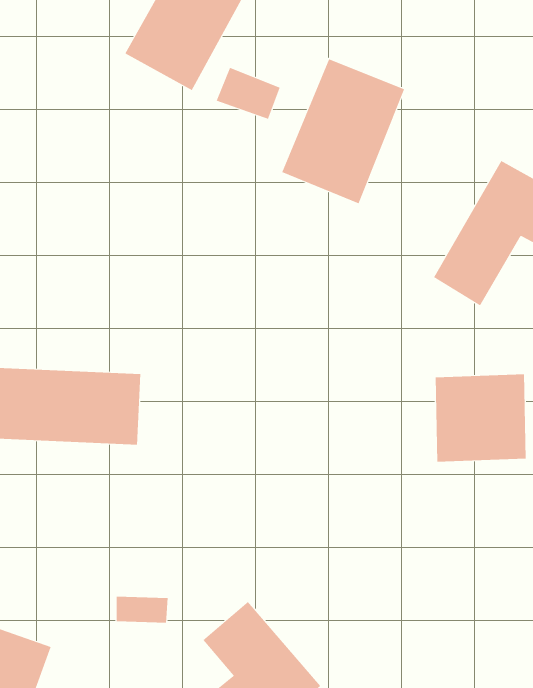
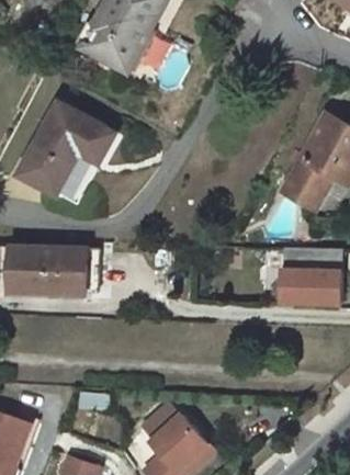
building: [281,58,405,204] -> none
building: none -> [16,101,114,204]

